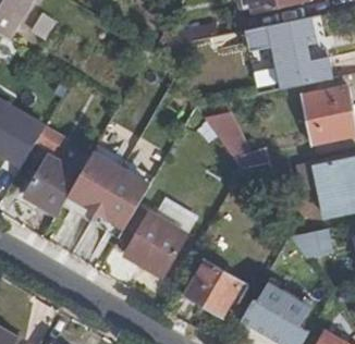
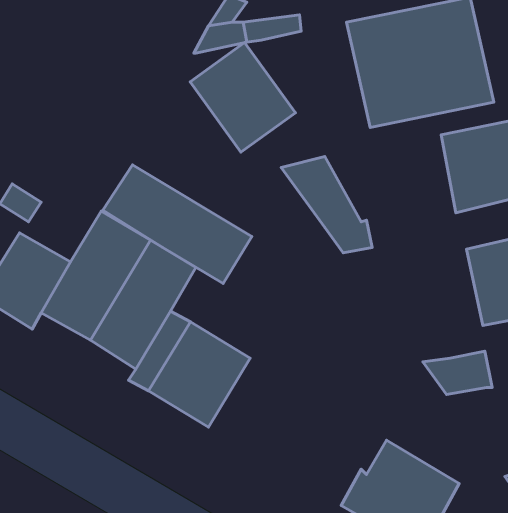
building: none -> [190,43,295,152]
building: none -> [103,165,252,283]
building: [187,259,243,317] -> none

